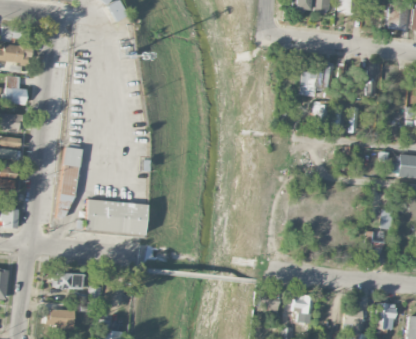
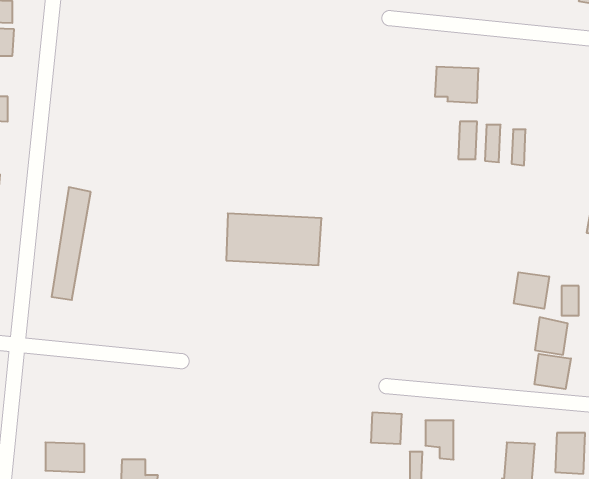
building: [84,200,145,233] -> [226,213,322,265]
building: none -> [514,272,549,309]
building: none -> [535,354,571,389]
building: [52,273,84,288] -> none

